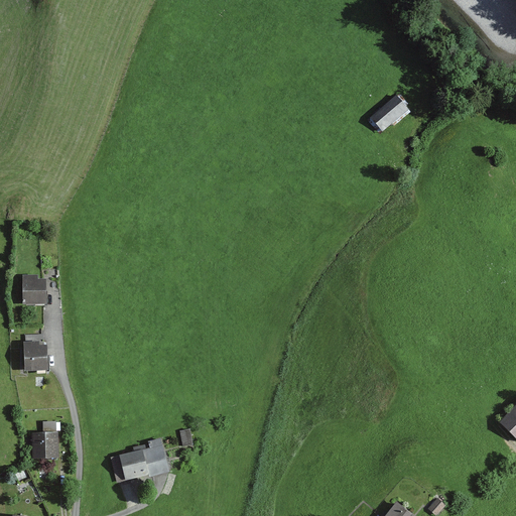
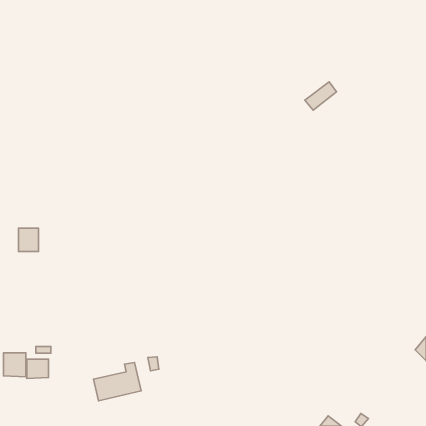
building: [25,342,47,370] -> none
building: none -> [3,353,26,377]

